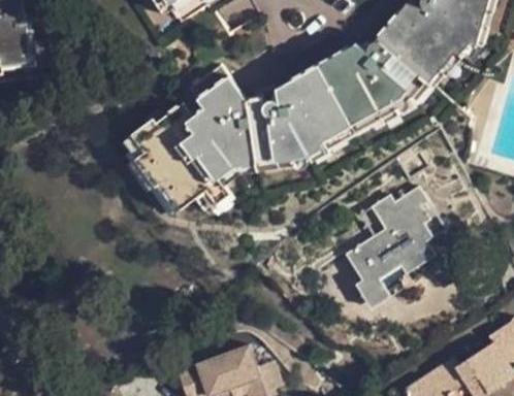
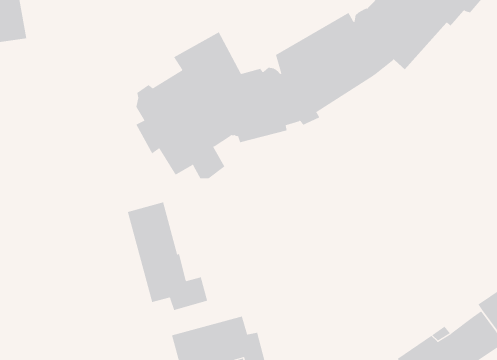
building: [345,186,446,309] -> none
building: none -> [127,202,208,311]

